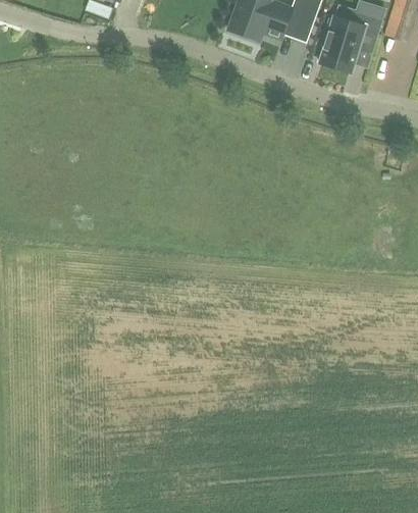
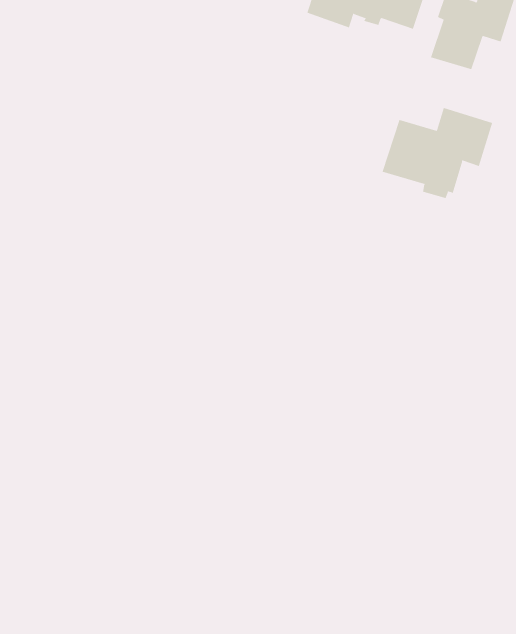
building: none -> [382,107,493,199]

